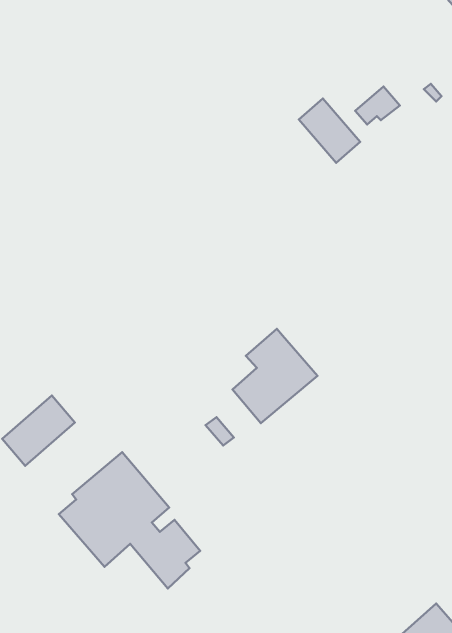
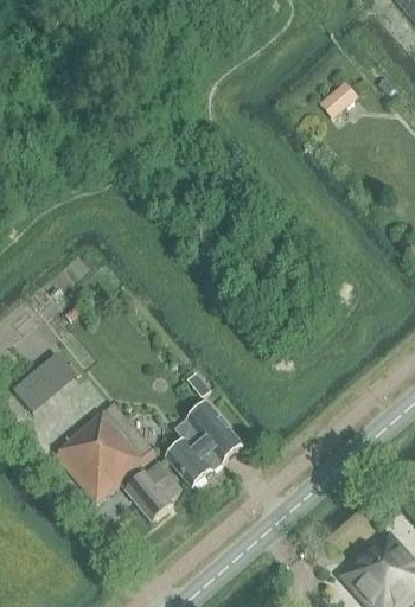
building: [299,98,360,163] -> none
building: [233,329,317,423] -> [166,404,241,487]

